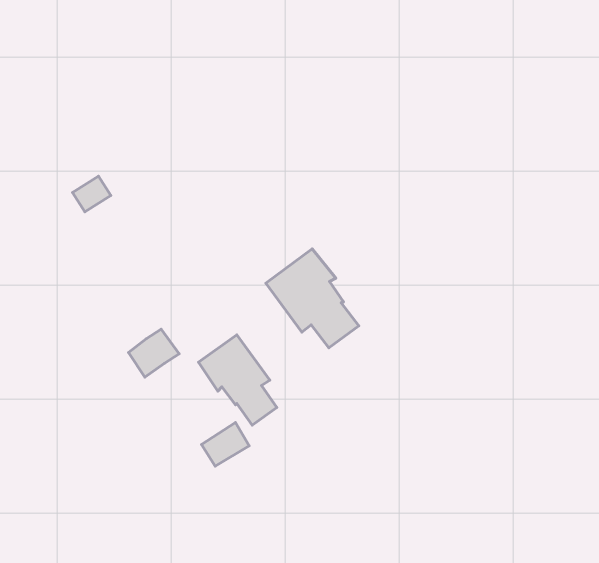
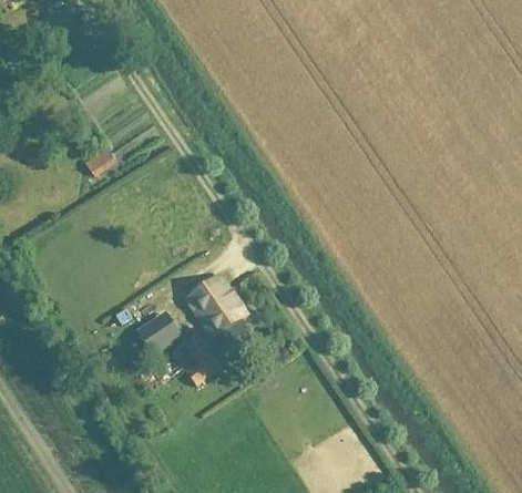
building: [266,249,359,348] -> none
building: [128,329,179,377] -> [139,312,180,351]

